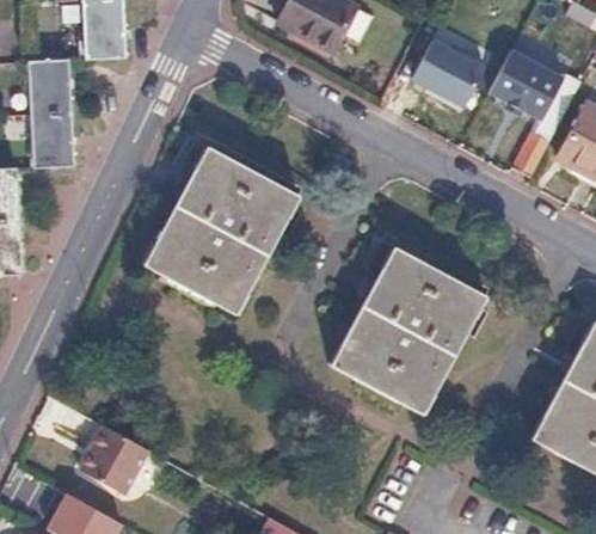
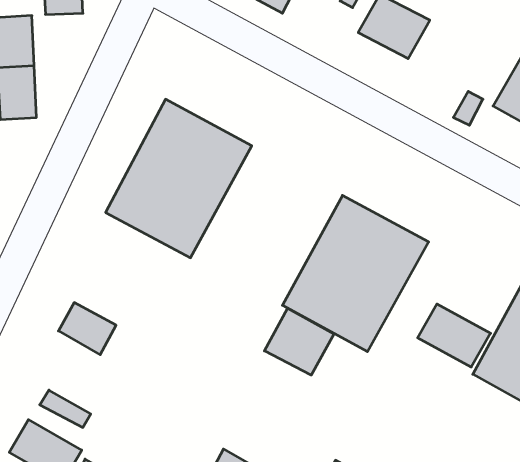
building: [486,49,565,123] -> none
building: none -> [418,304,491,367]
building: none -> [264,309,334,375]
building: [86,425,147,480] -> [58,303,116,355]

